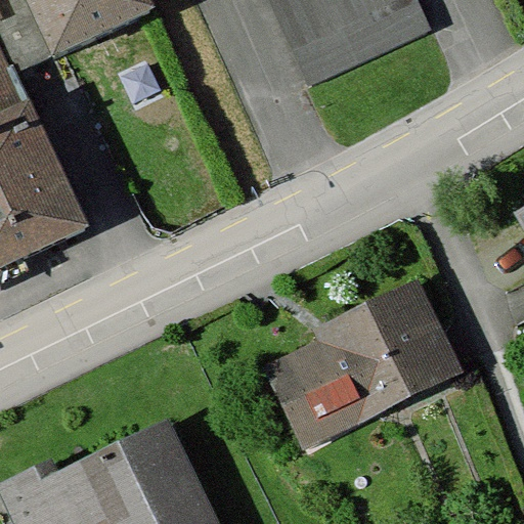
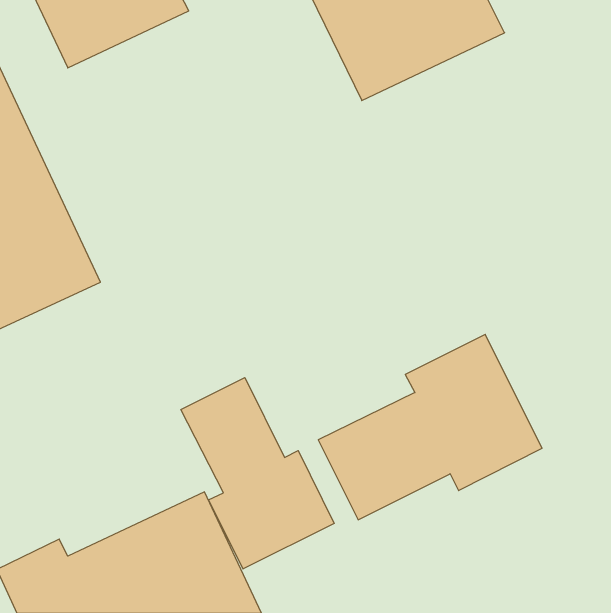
building: none -> [181,378,334,569]

